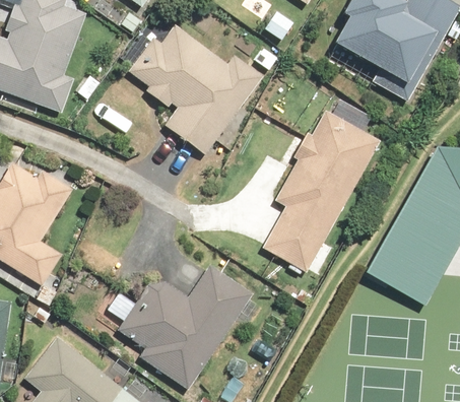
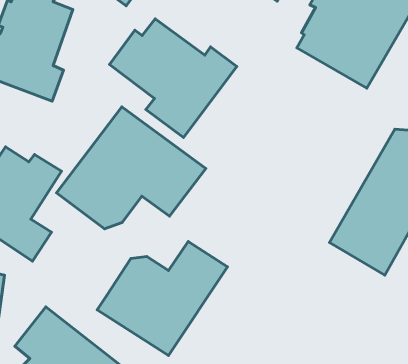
building: [259,105,378,268] -> none
building: none -> [57,107,206,229]

